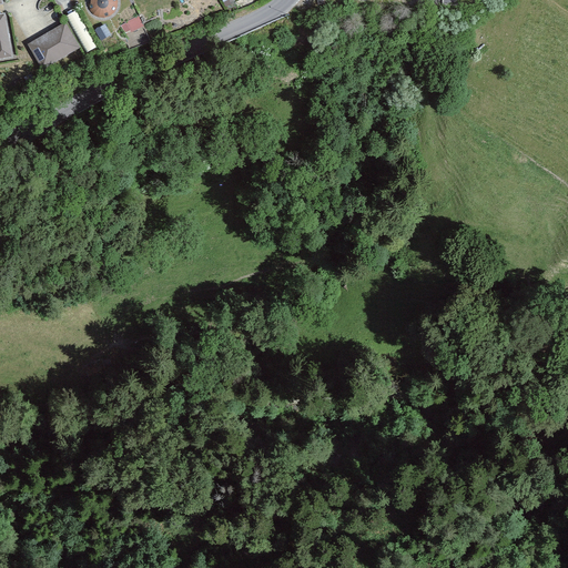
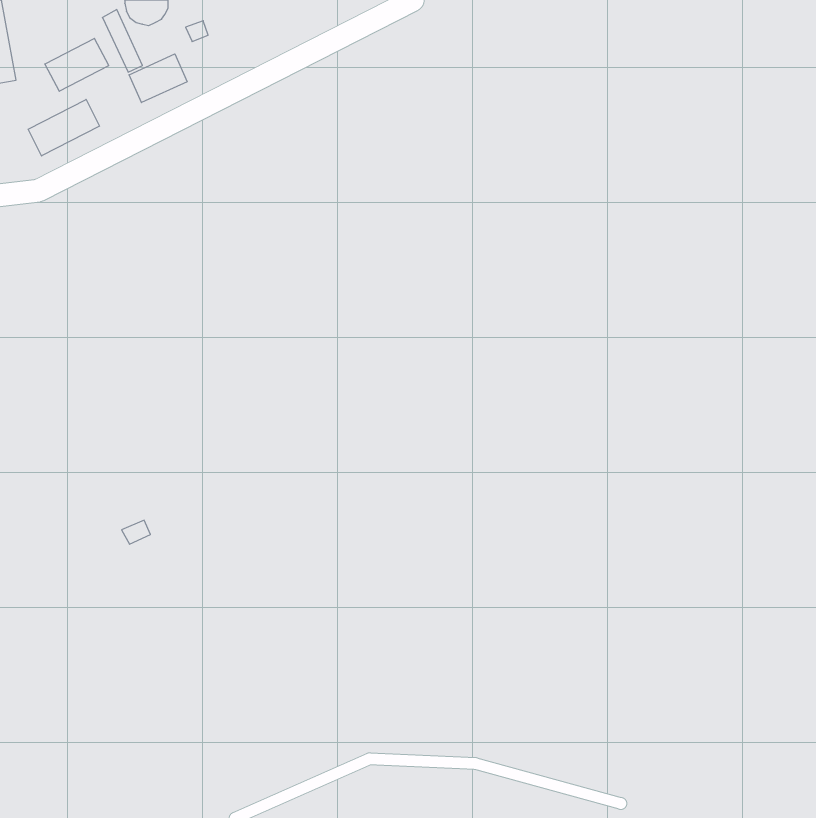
building: none -> [129,54,187,103]
building: none -> [28,99,99,156]

